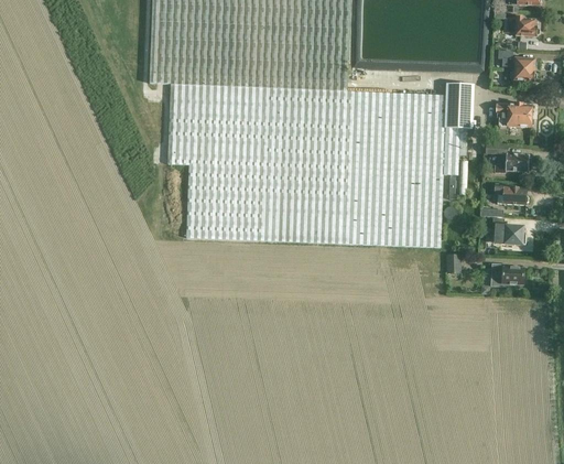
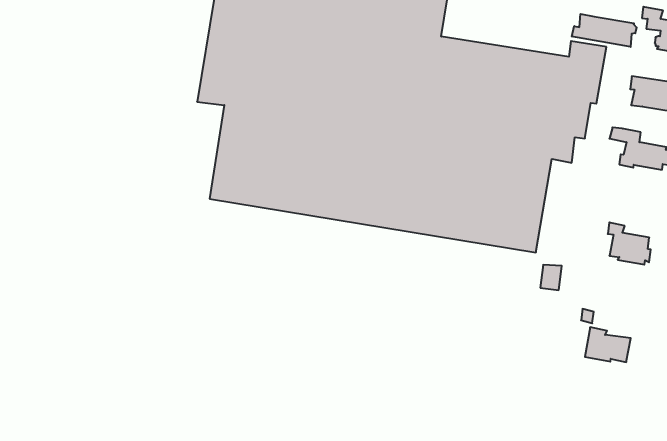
building: none -> [572,14,637,47]
building: [494,185,528,204] -> none
building: [490,263,523,288] -> [585,327,631,362]

